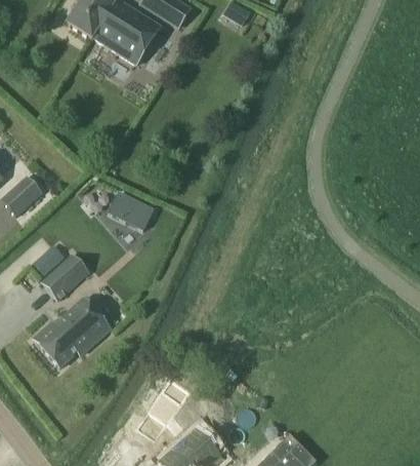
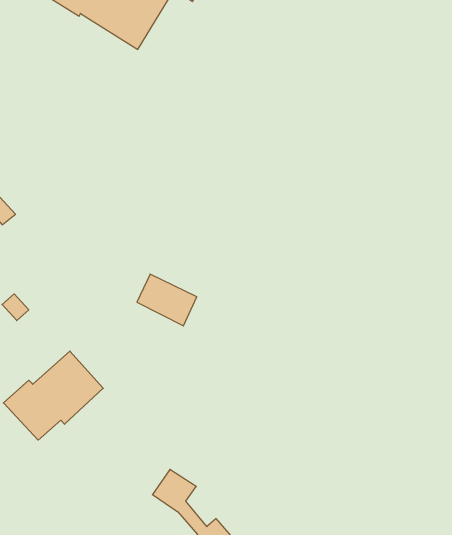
building: [107,190,153,230] -> [137,274,197,326]
building: [41,253,88,298] -> none

